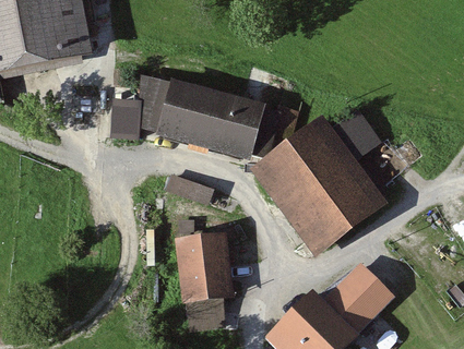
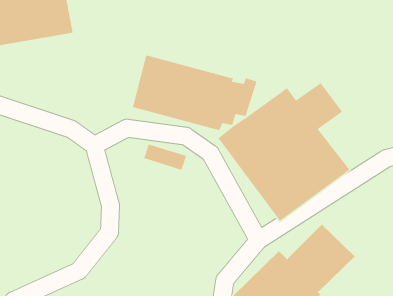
building: [108,72,169,140] -> none
building: [172,232,233,328] -> none

